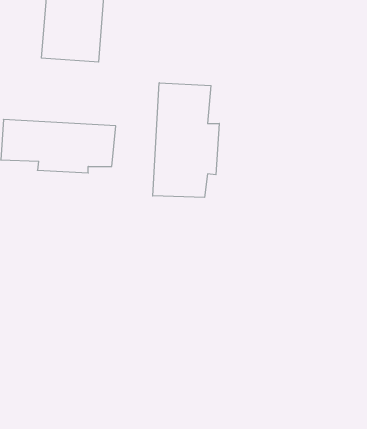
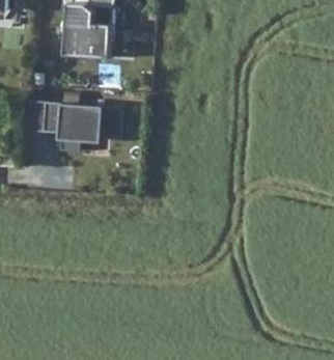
building: [153,83,219,197] -> none

